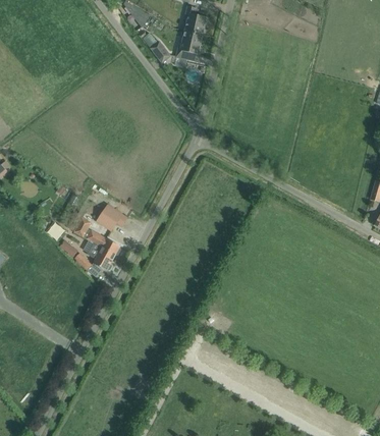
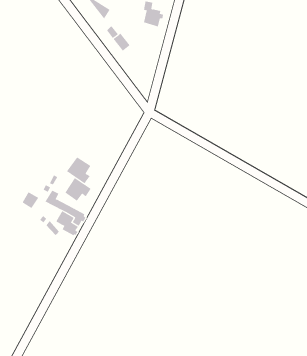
building: [174,30,203,66] -> none
building: none -> [66,156,91,184]

